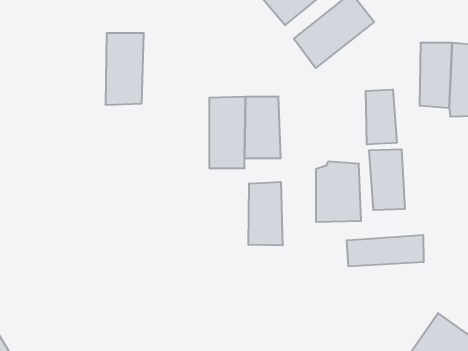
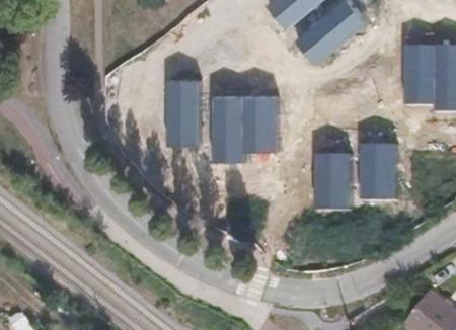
building: [105,33,144,105] -> [165,78,201,144]
building: [366,89,397,145] -> none
building: [248,182,282,246] -> none
building: [347,235,424,266] -> none

